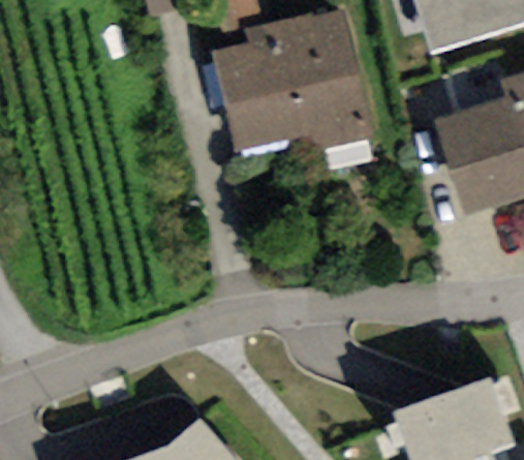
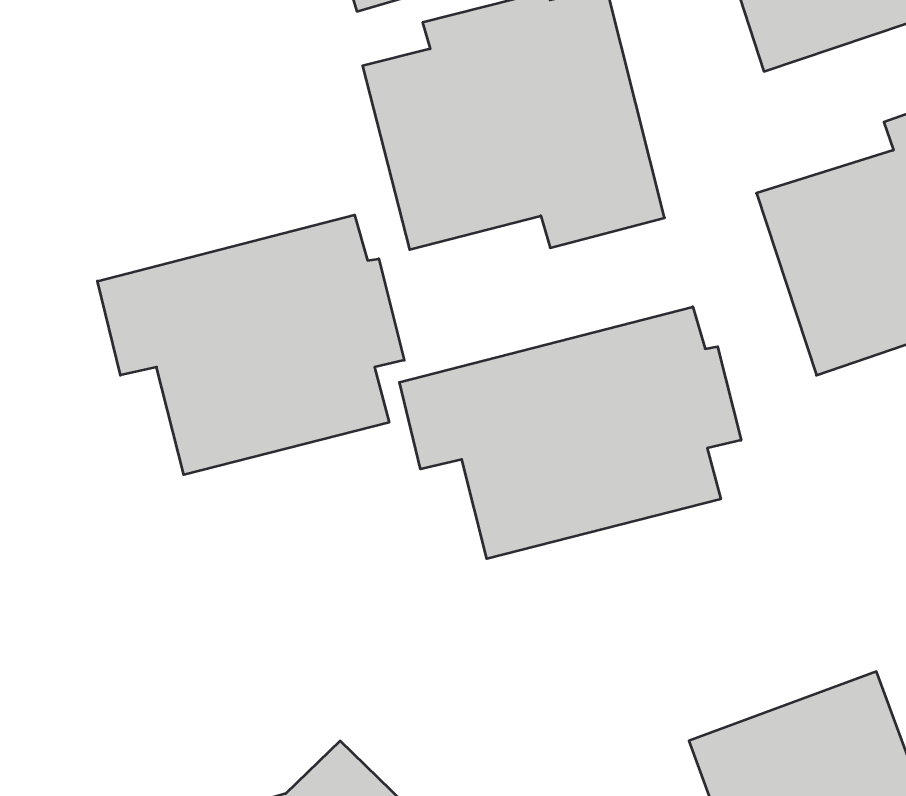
building: none -> [97,215,404,475]
building: none -> [399,307,741,559]

